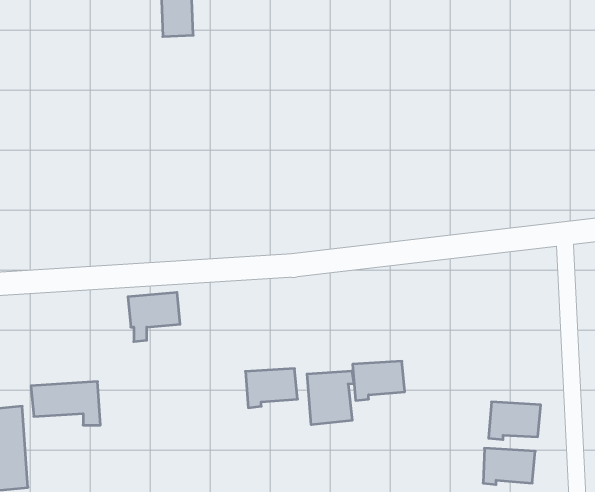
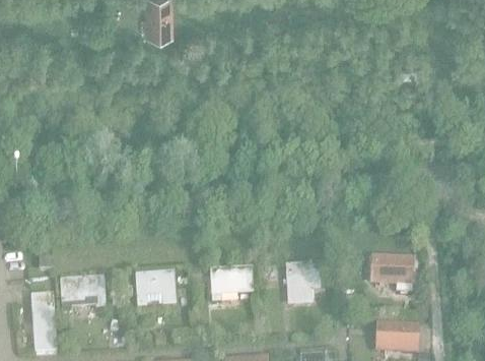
building: [128,292,180,342] -> [135,272,171,306]
building: [307,371,354,425] -> none
building: [489,402,541,440] -> [371,255,408,282]

